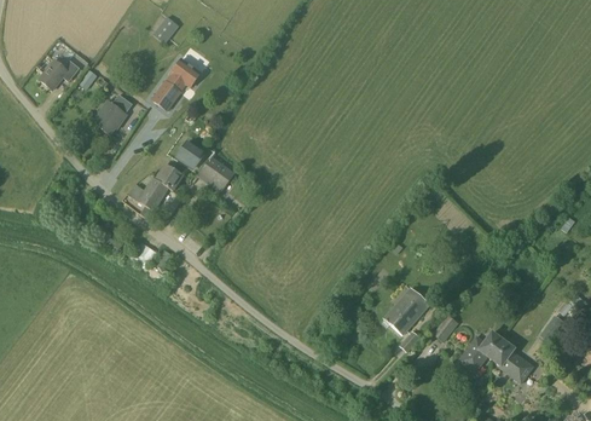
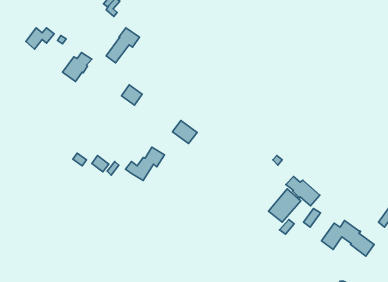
building: [199,156,234,189] -> [172,121,197,144]
building: [128,163,184,210] -> [125,147,165,180]
building: none -> [286,177,320,206]

